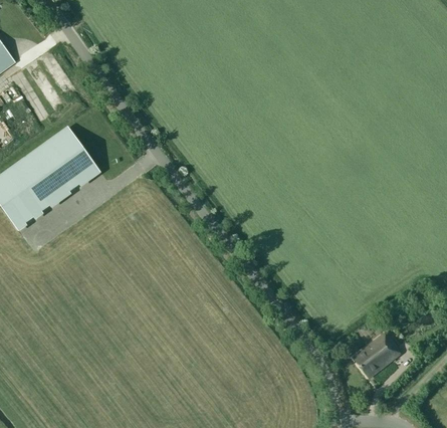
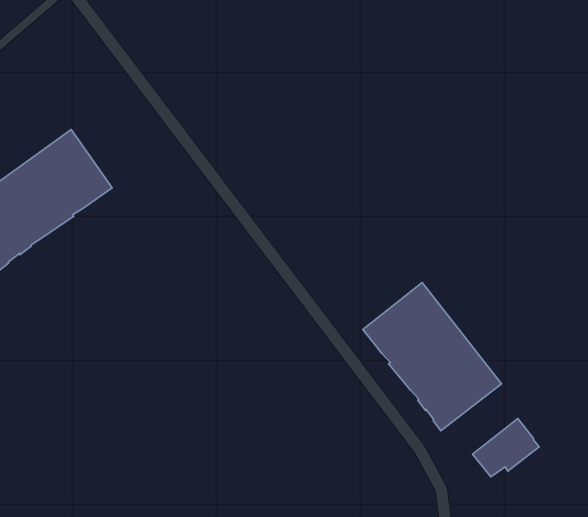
building: none -> [363,282,502,431]

